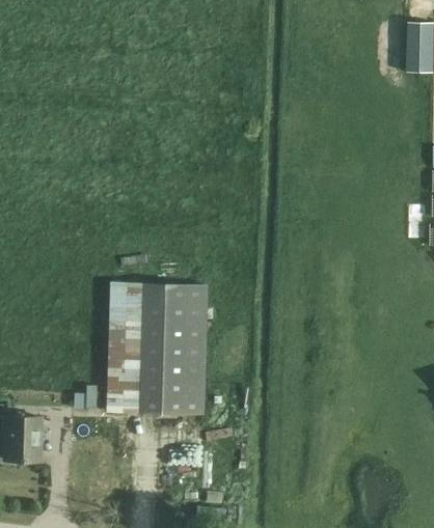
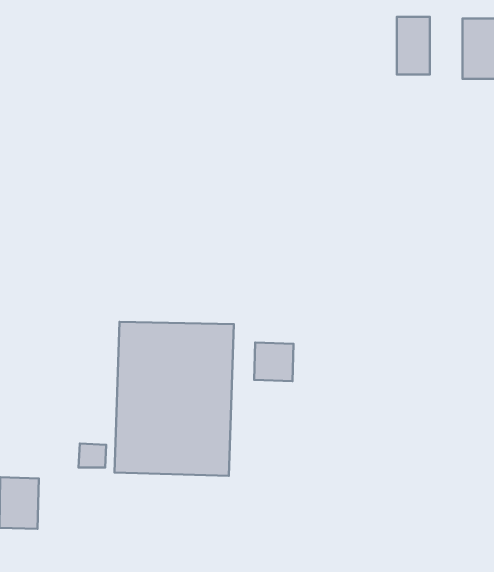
building: none -> [397,17,430,74]
building: none -> [254,343,294,381]

